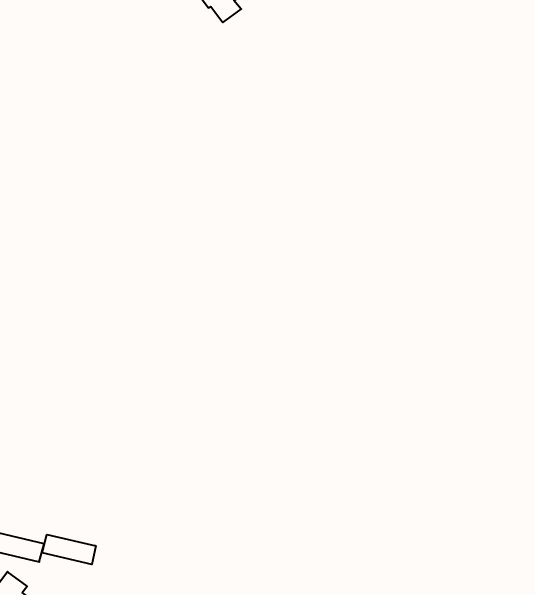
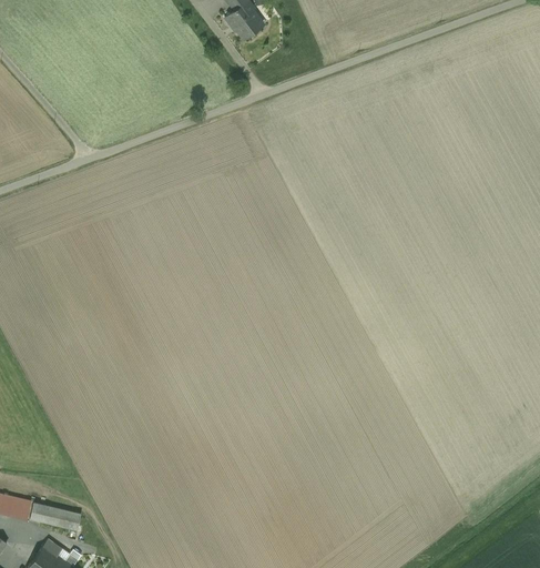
building: [42,535,96,564] -> none

